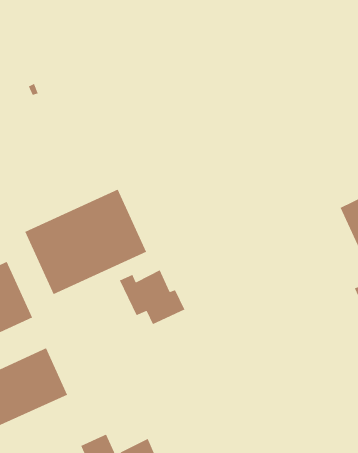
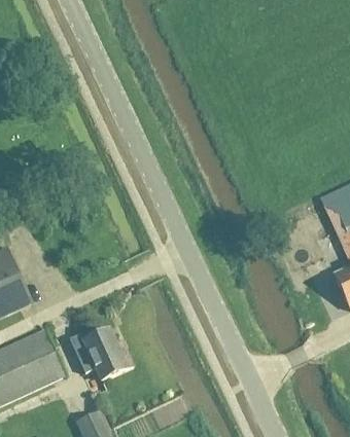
building: [24,189,147,295] -> none
building: [119,269,185,325] -> [70,328,133,380]

